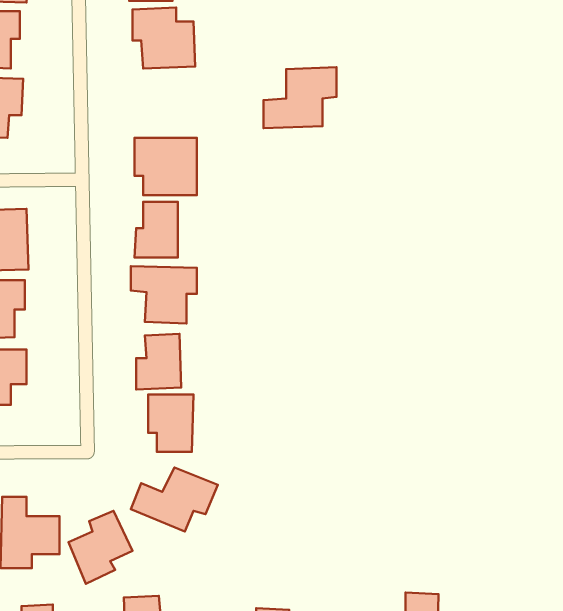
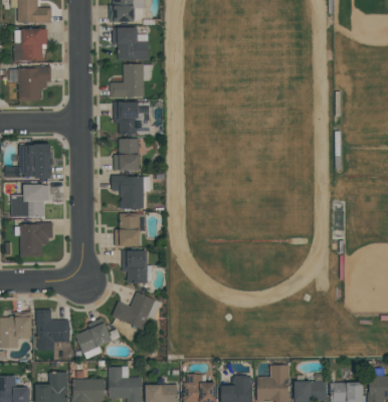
building: [264,67,337,128] -> [110,63,152,98]

